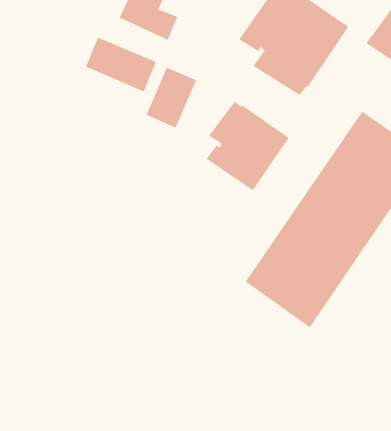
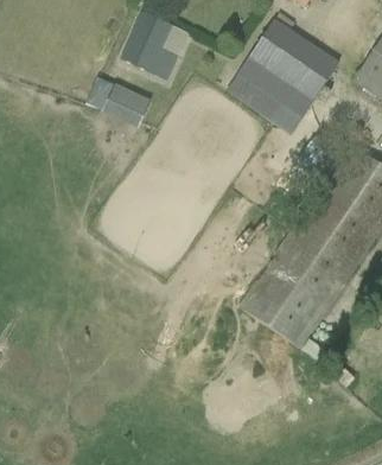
building: [146,67,197,128] -> none
building: [206,101,290,191] -> none

